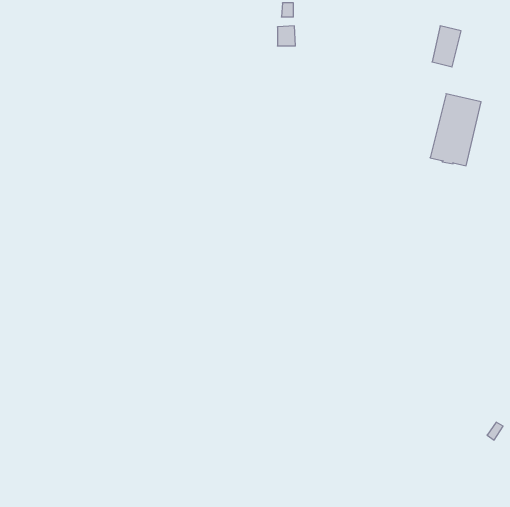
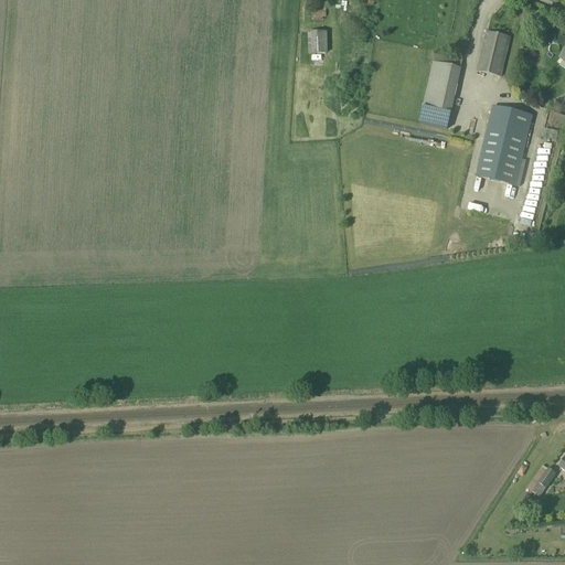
building: none -> [420,58,460,127]

